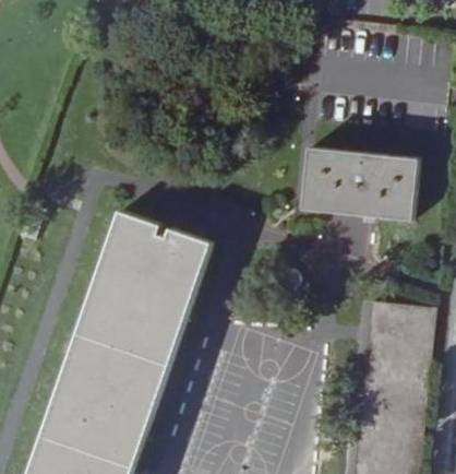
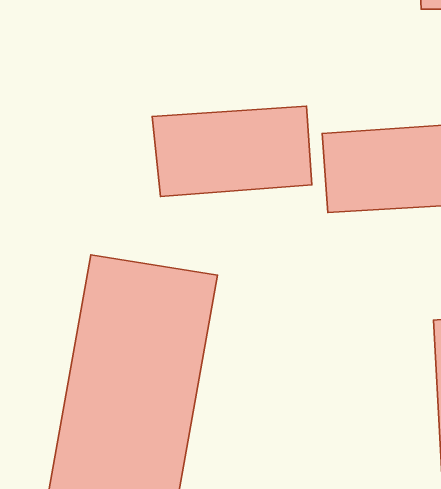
building: none -> [152,106,312,196]

